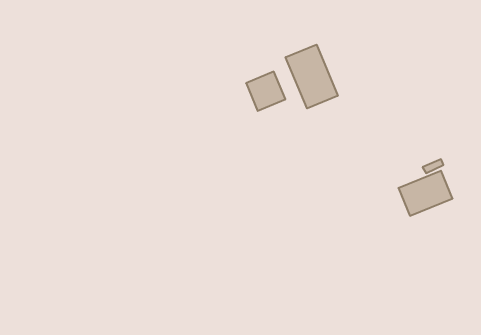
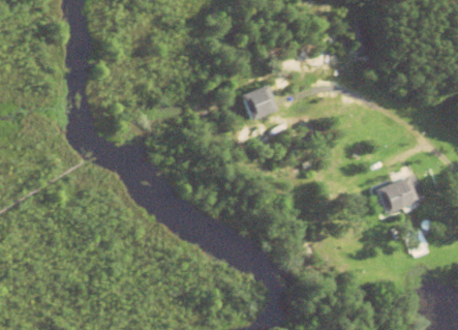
building: [286,45,338,108] -> none

